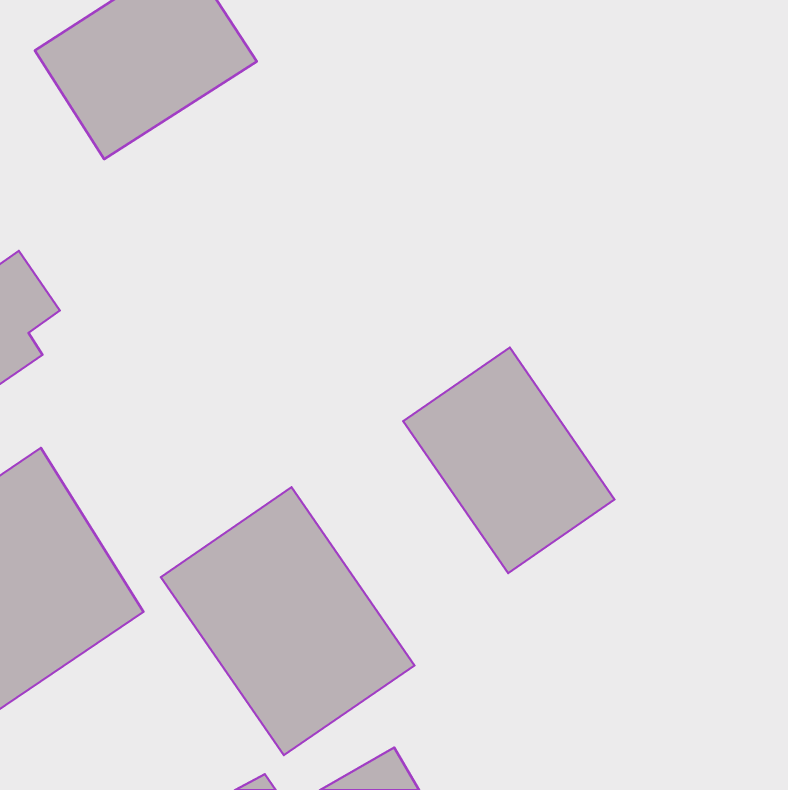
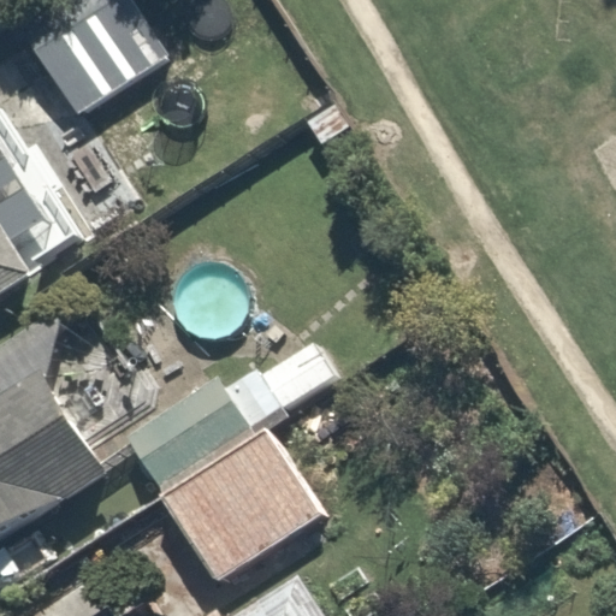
building: [403,347,615,573] -> none

